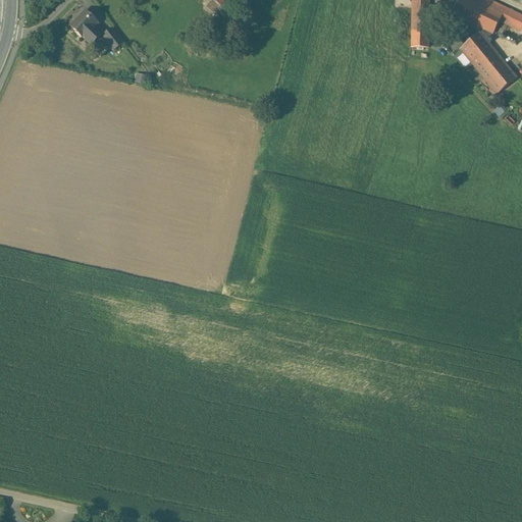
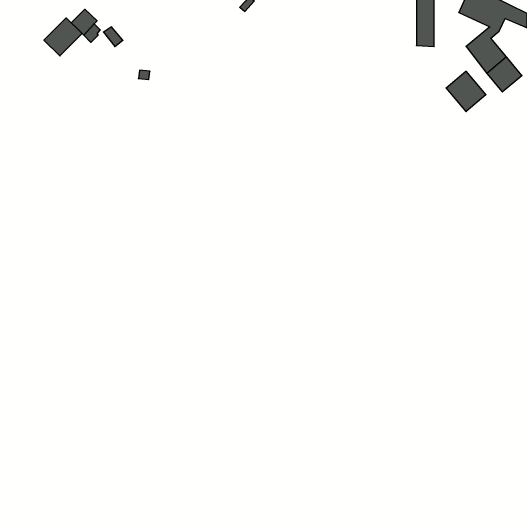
building: none -> [44,18,82,56]
building: none -> [446,71,486,112]

